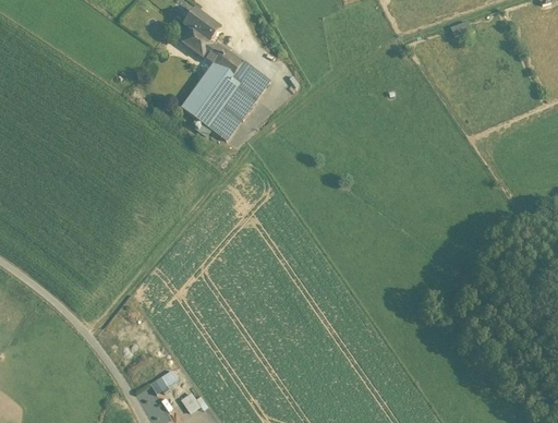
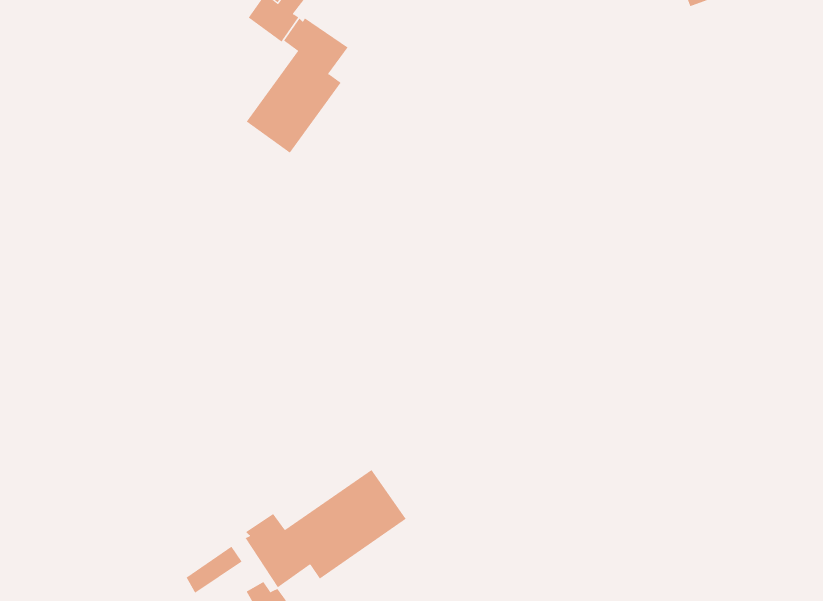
building: [207,61,270,142] -> none
building: none -> [245,469,406,588]

